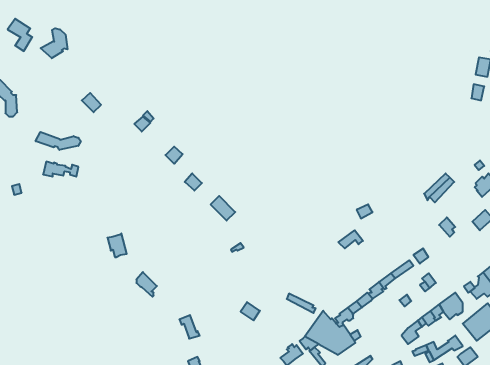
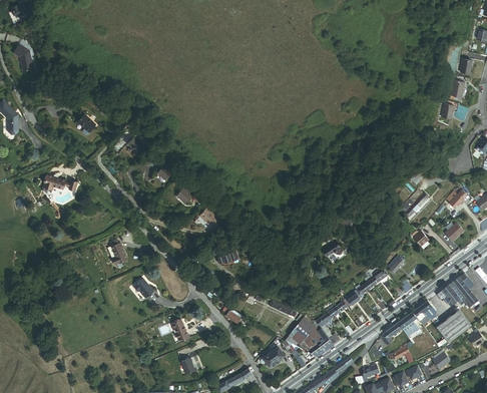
building: [41,28,67,58] -> none
building: [36,132,81,150] -> none

